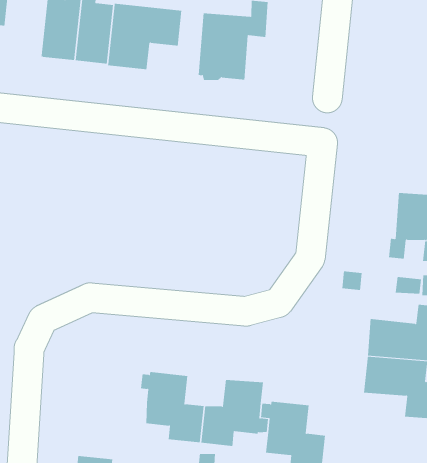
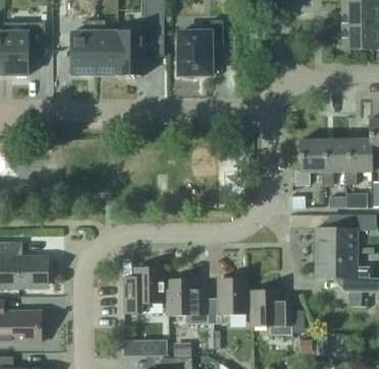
building: none -> [295,139,325,184]
building: none -> [123,266,168,312]

